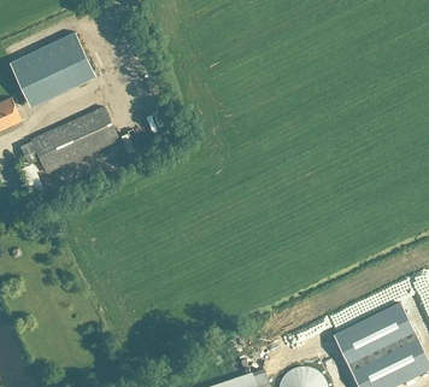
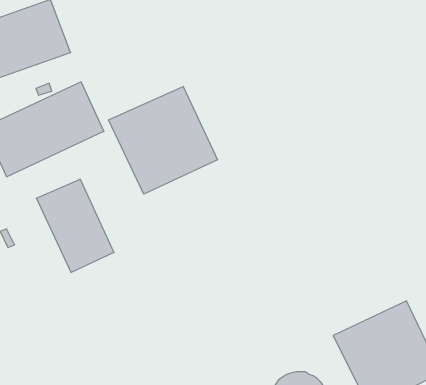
building: none -> [109,86,217,194]
building: none -> [36,179,114,273]

